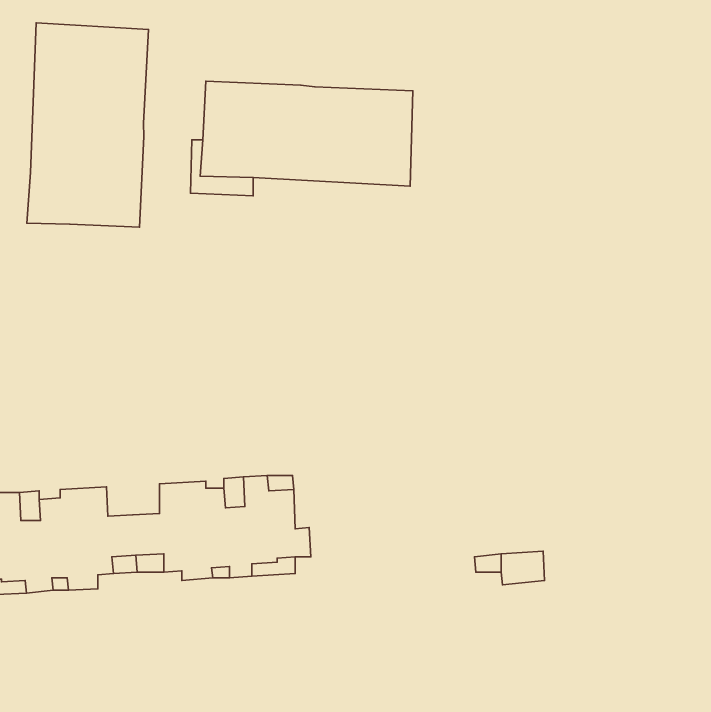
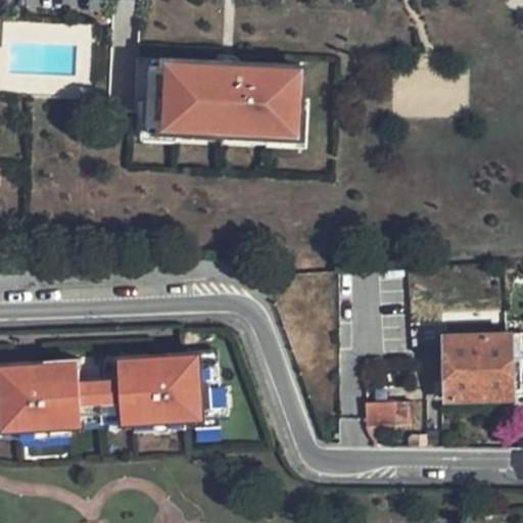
building: [27,23,148,227] -> none
building: none -> [443,332,511,400]

